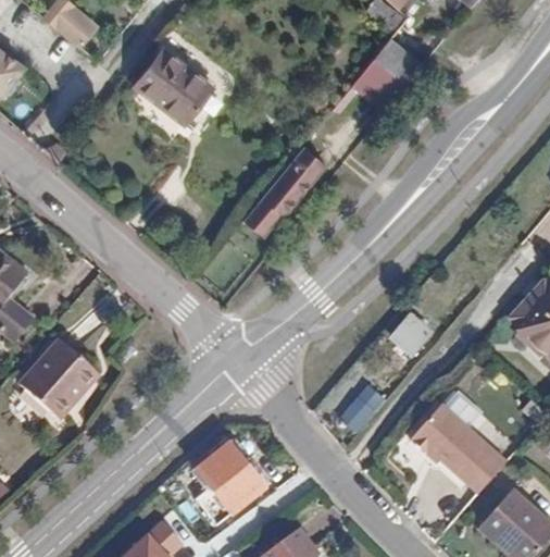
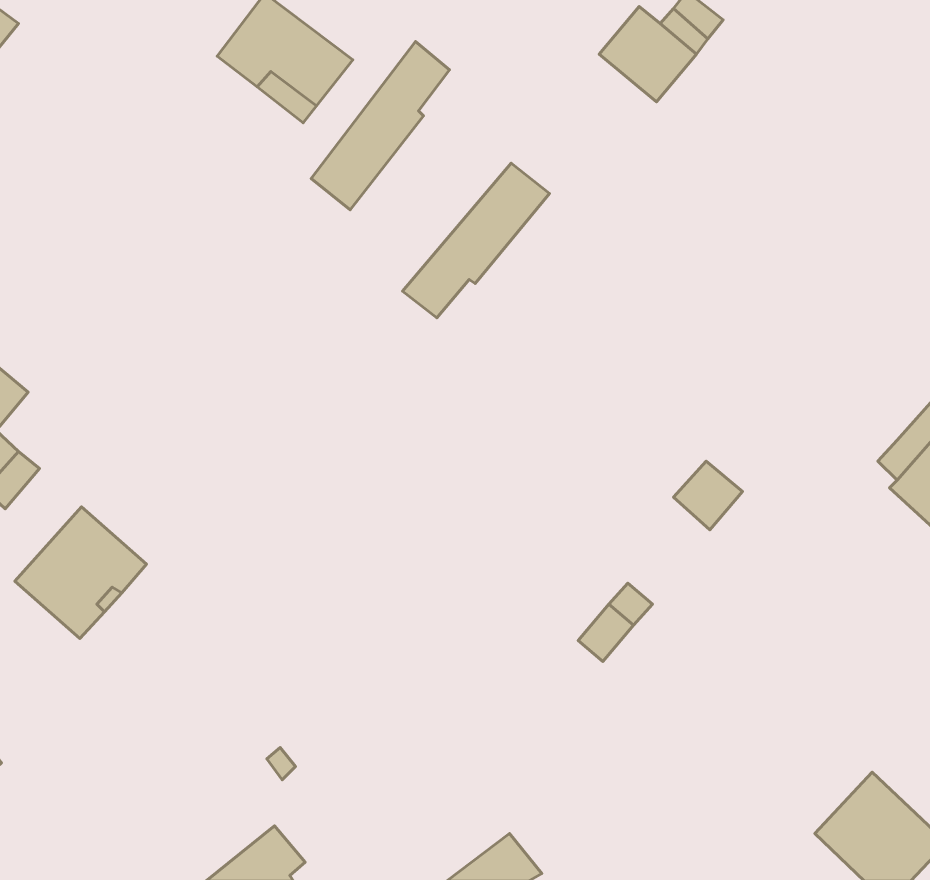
building: none -> [311,42,450,210]
building: [410,405,505,495] -> none
building: [197,447,263,525] -> none

